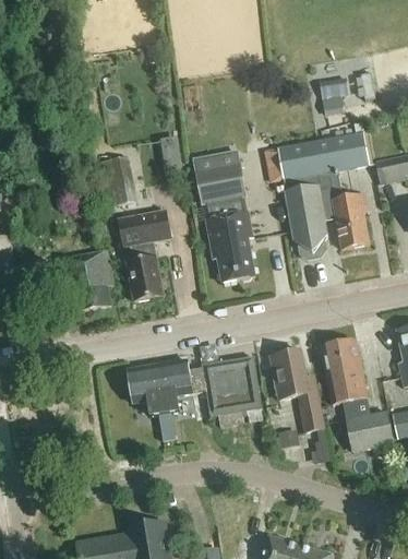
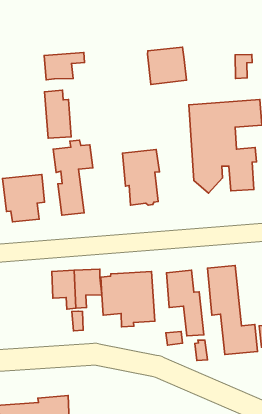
building: none -> [44,52,84,80]
building: [193,151,244,201] -> [148,47,186,85]

